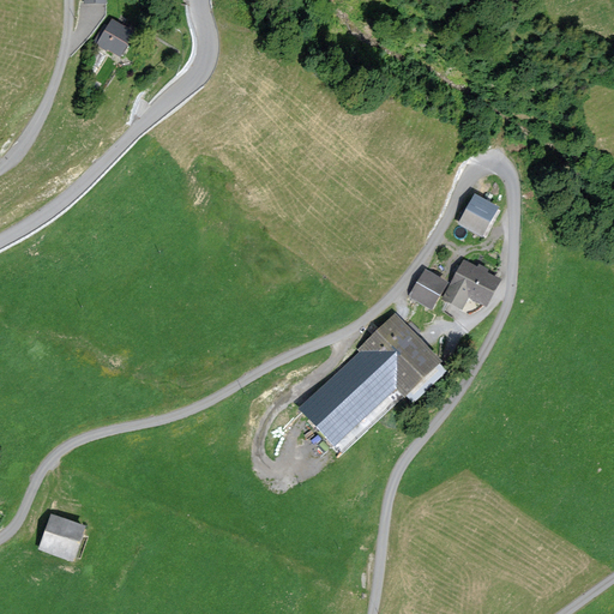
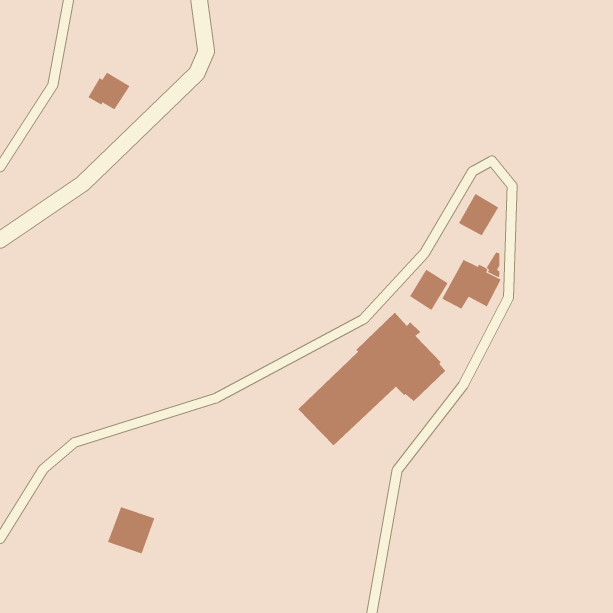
building: [92,18,136,56] -> [87,72,131,110]
building: [38,513,86,561] -> [107,506,155,554]

